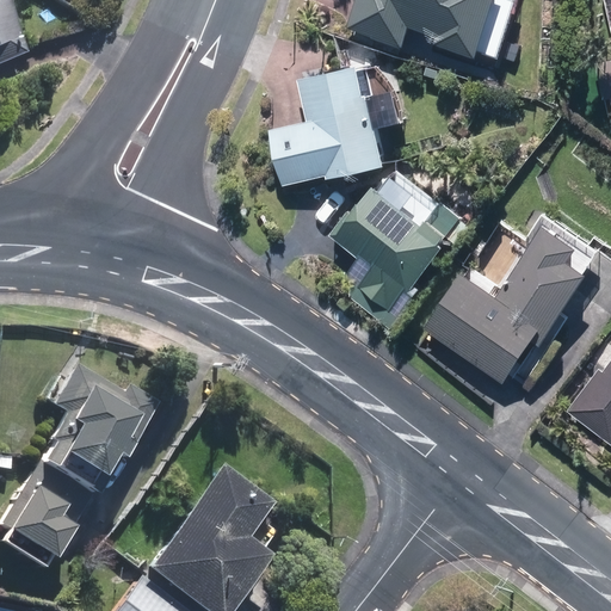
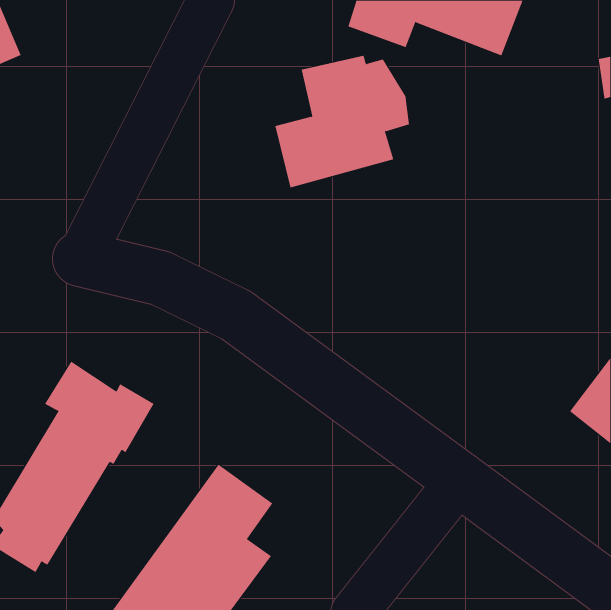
building: [334,169,477,334] -> none
building: [427,222,599,384] -> none

